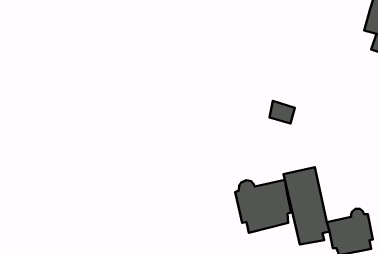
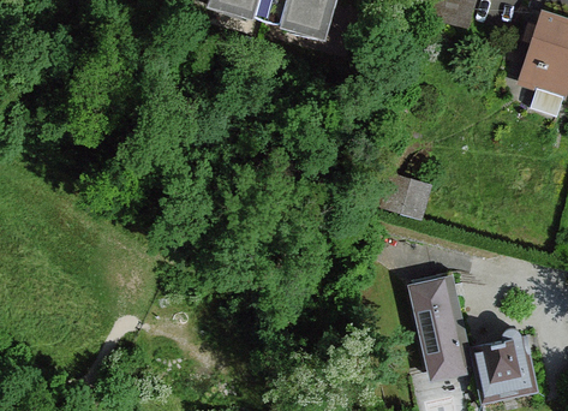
building: [235,180,291,233] -> none

